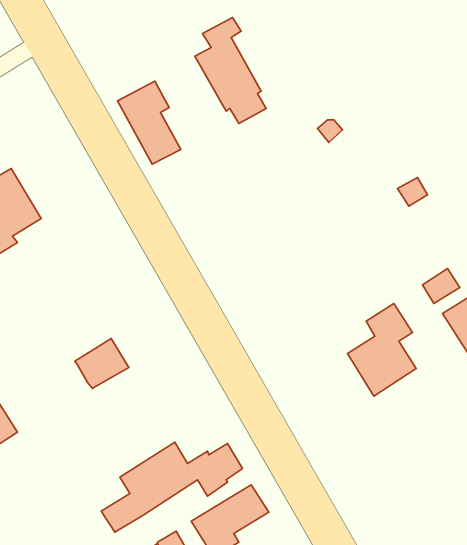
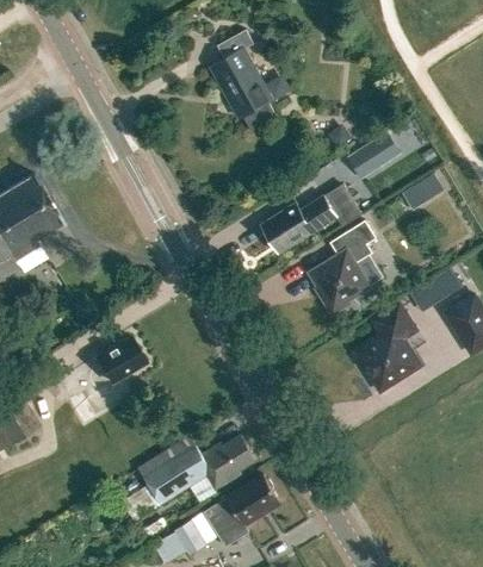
building: [118,81,181,164] -> none
building: none -> [349,143,388,179]
building: none -> [261,186,361,253]
building: none -> [309,219,384,314]

